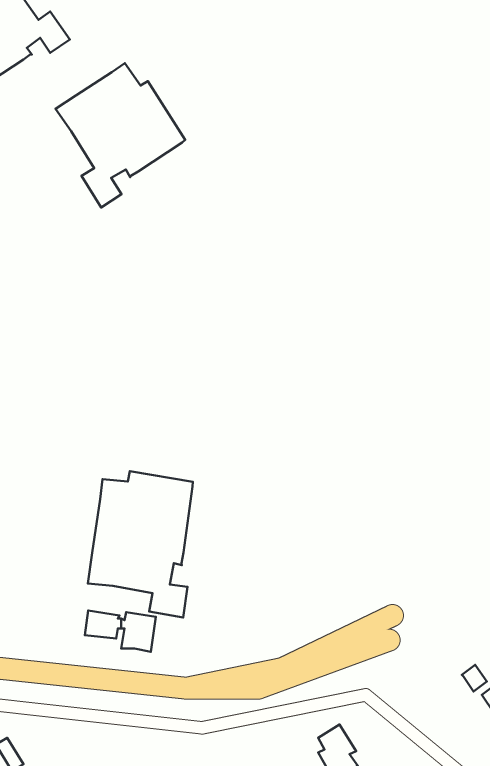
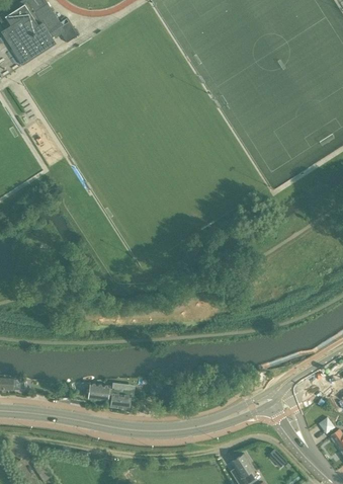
building: [55,63,185,207] -> none
building: [88,471,193,618] -> none

